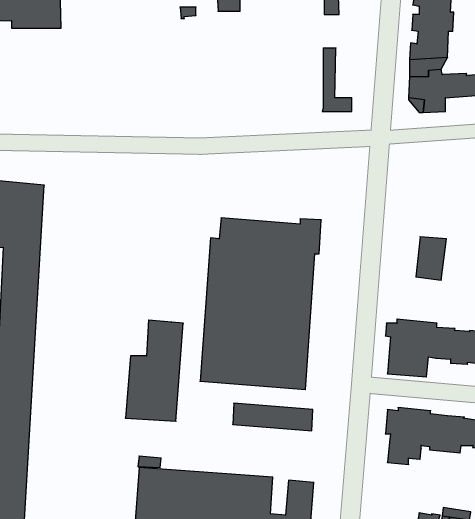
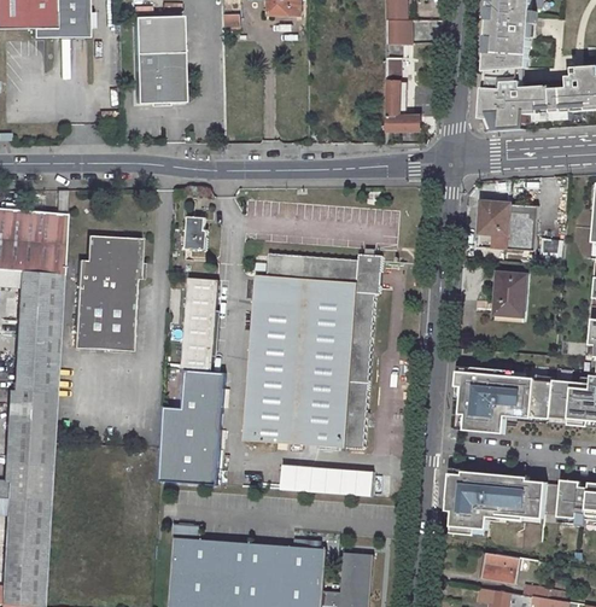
building: none -> [129,16,181,103]
building: none -> [385,19,410,43]
building: none -> [478,202,539,253]
building: none -> [185,216,208,251]
building: none -> [74,234,139,351]
building: none -> [181,276,217,372]
building: none -> [479,551,518,584]

